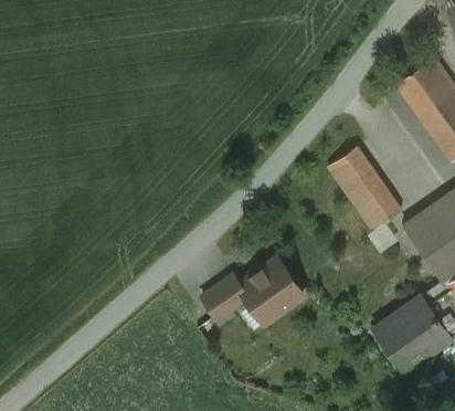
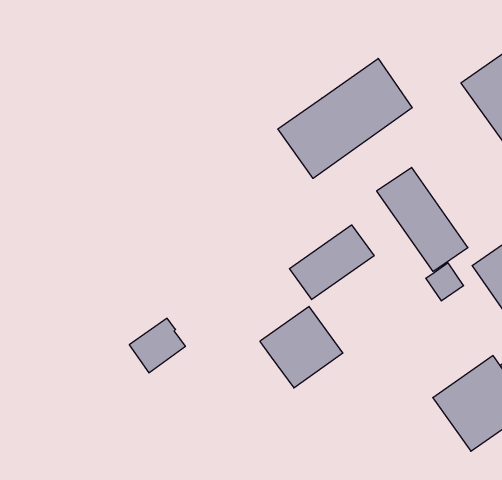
building: none -> [278,58,412,178]
building: none -> [289,225,374,300]
building: [202,275,246,318] -> [129,318,185,373]

